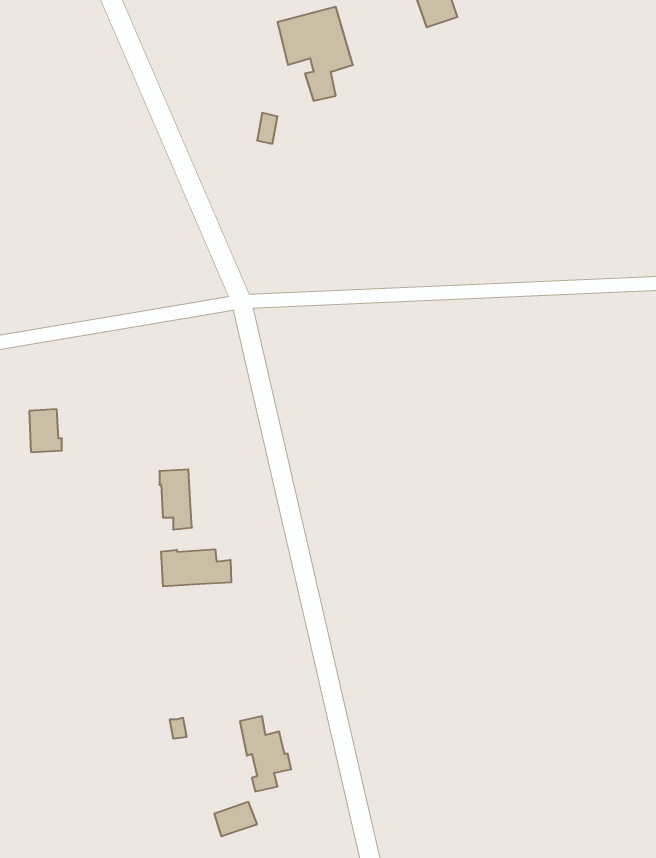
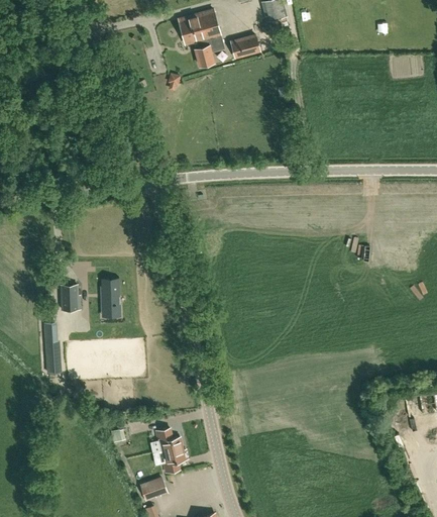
building: none -> [229,35,258,58]
building: [29,409,62,452] -> [60,285,79,310]
building: [161,549,231,586] -> none

